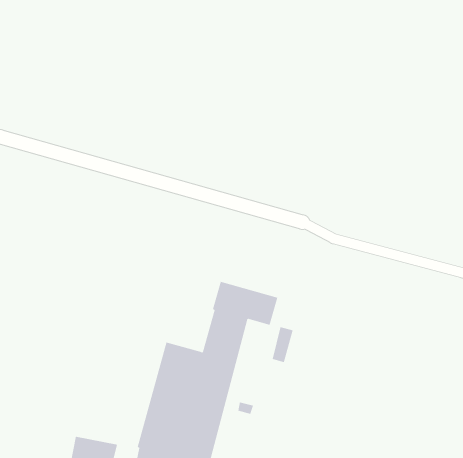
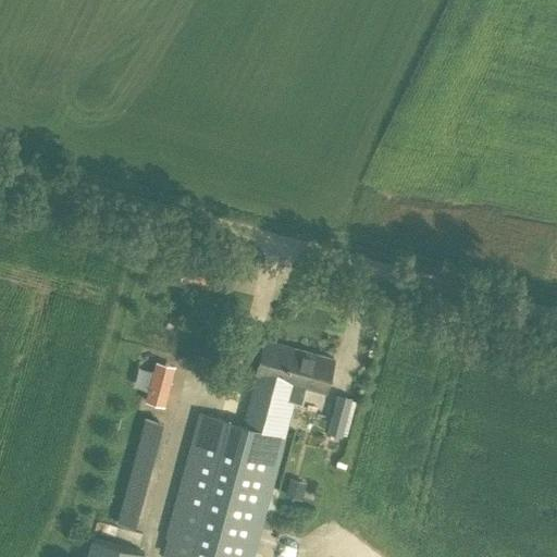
building: none -> [145,366,175,411]
building: none -> [125,413,162,523]

